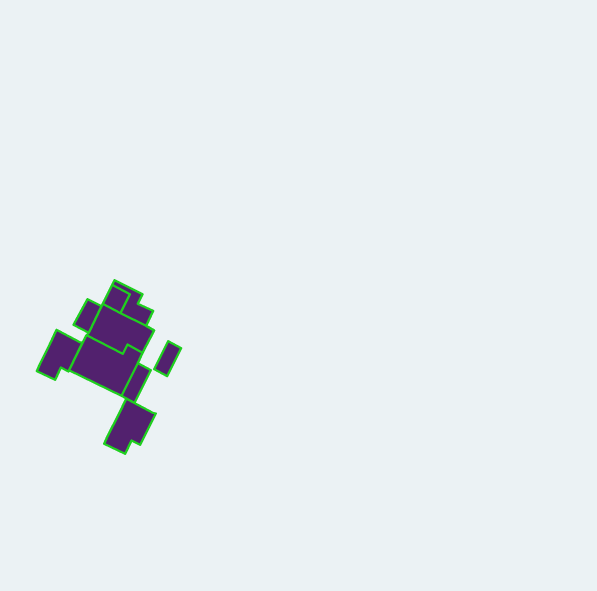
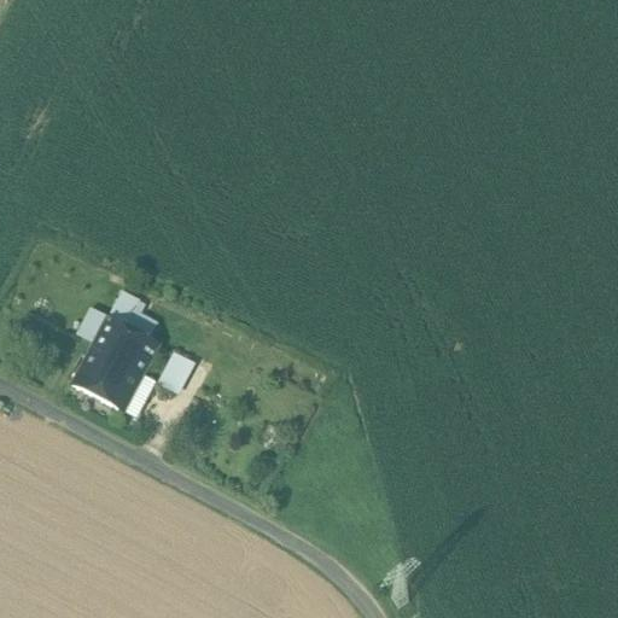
building: [37,330,82,380] -> none
building: [104,399,156,454] -> none

